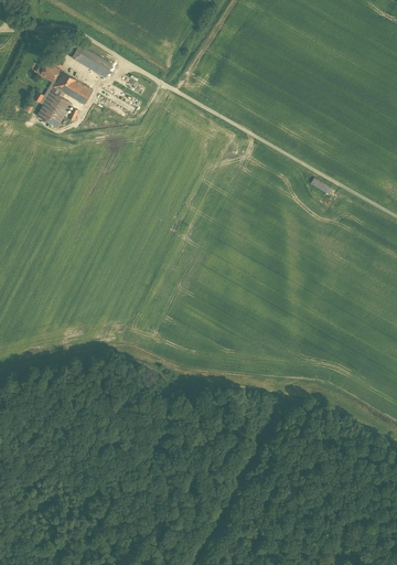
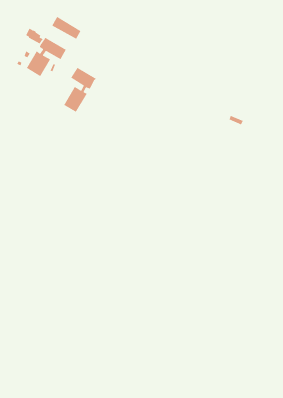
building: none -> [63,67,97,113]

